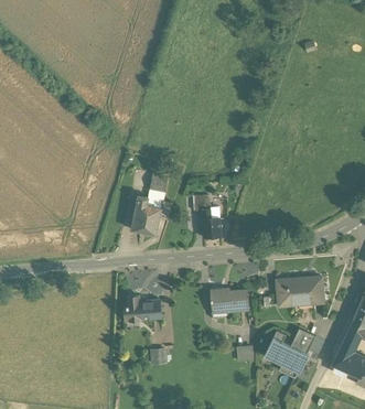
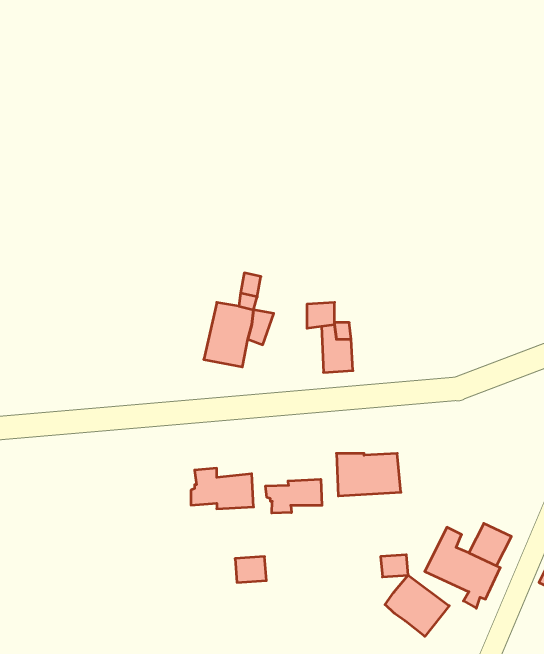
building: [278,277,324,306] -> none
building: none -> [266,479,322,513]
building: none -> [385,575,449,636]

